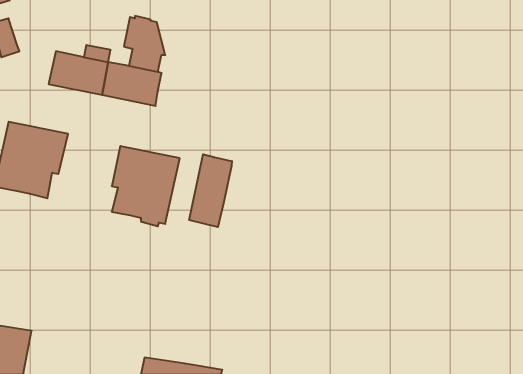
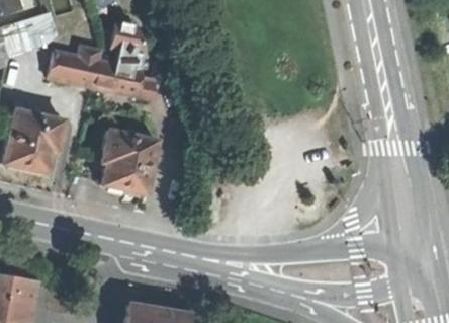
building: none -> [15,12,58,46]
building: [189,154,232,227] -> none

